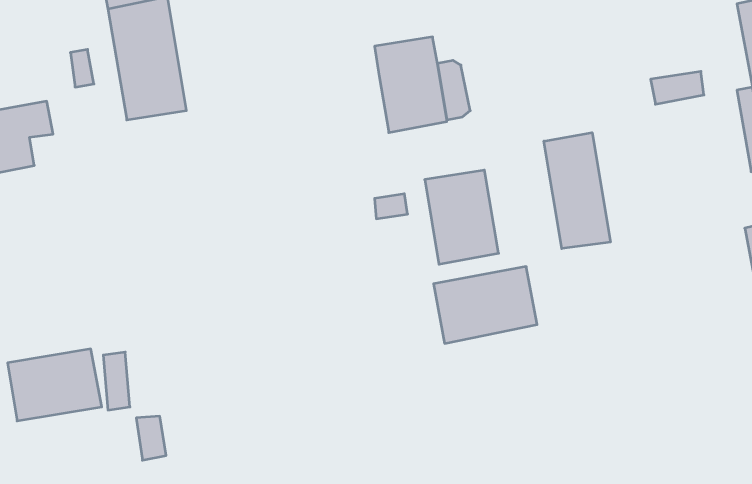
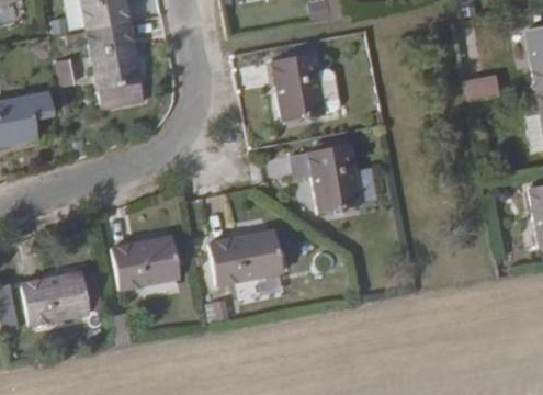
building: [544,133,610,249] -> none
building: [434,267,537,343] -> [205,233,278,286]
building: none -> [110,238,174,289]

